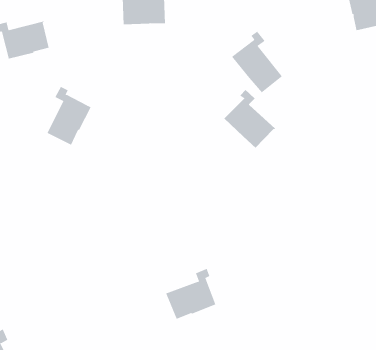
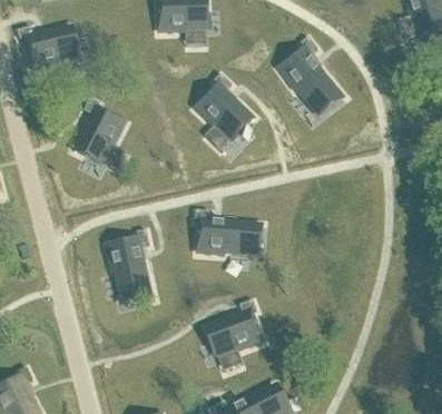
building: [223,89,276,149] -> [196,76,254,141]
building: none -> [195,211,253,257]
building: none -> [108,231,150,296]

